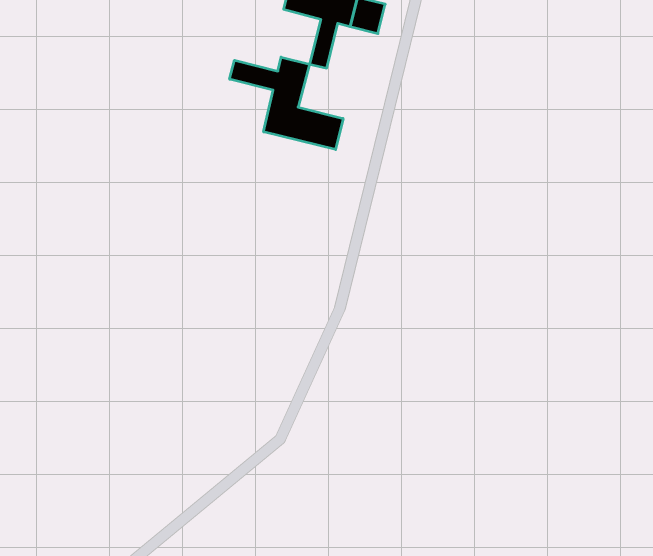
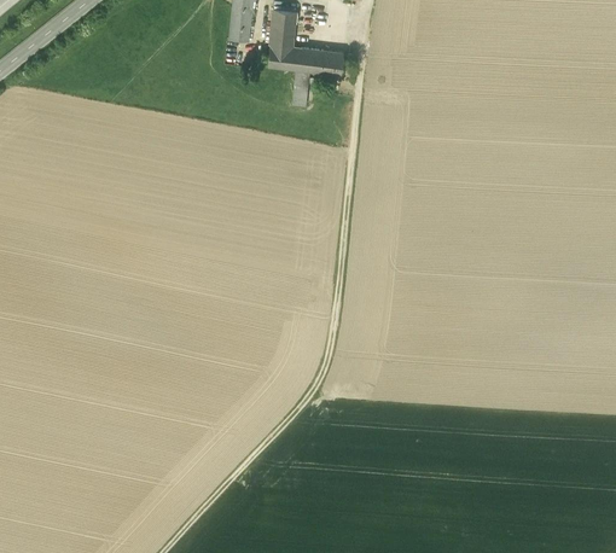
building: [230,57,343,150] -> none

